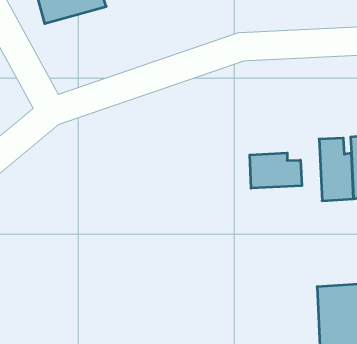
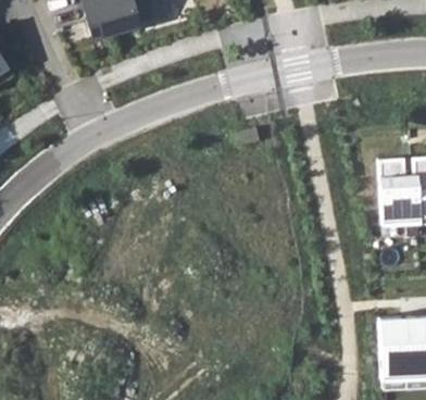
building: [250,153,302,188] -> none

